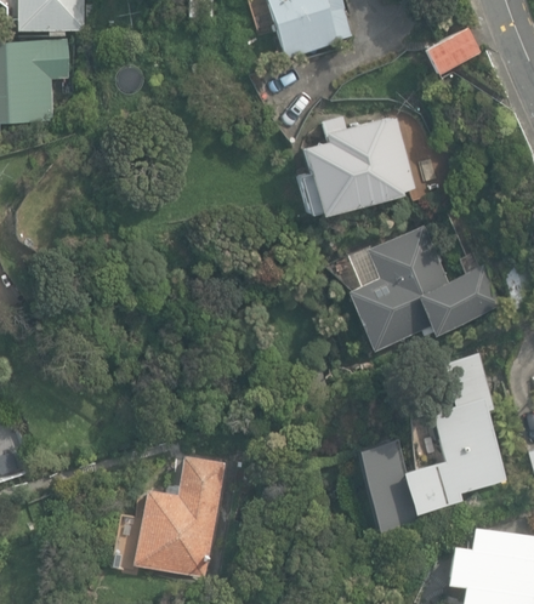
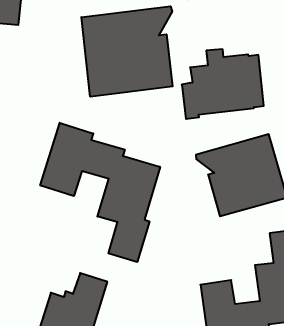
building: none -> [81,6,173,97]
building: none -> [40,123,160,262]

